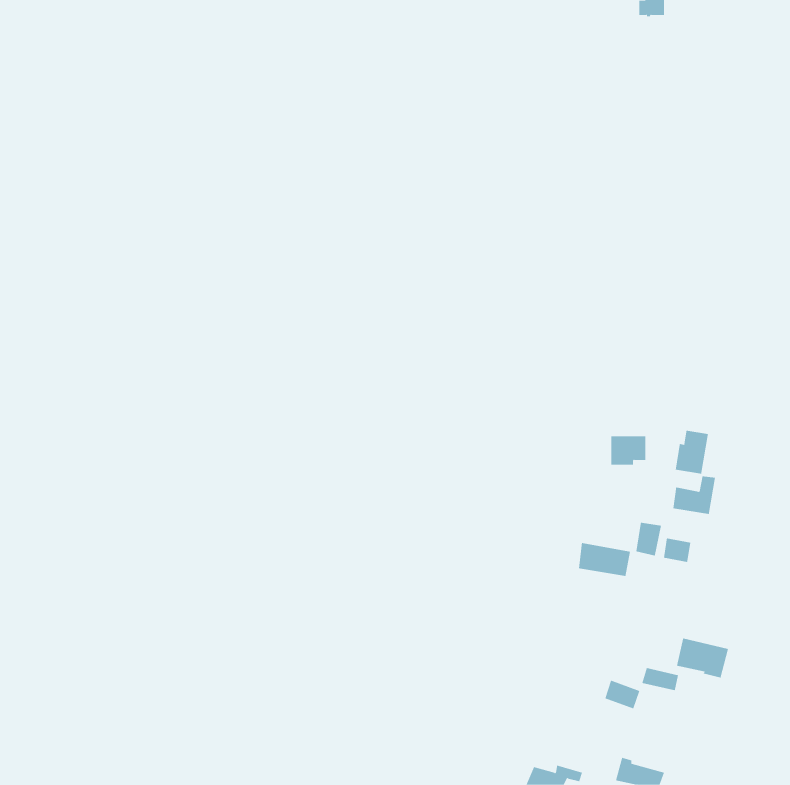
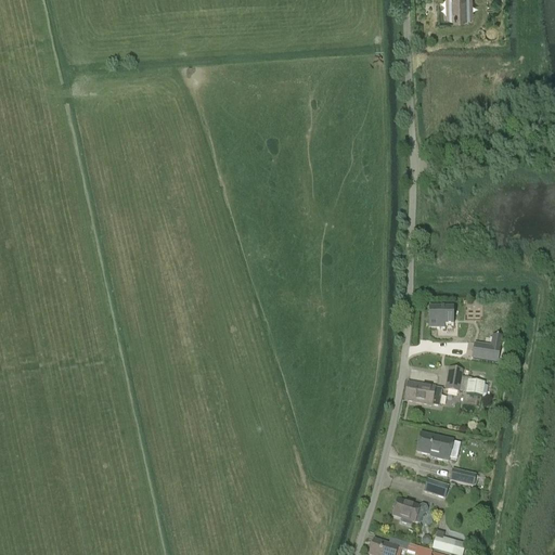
building: [675,430,709,475] -> none
building: [676,638,729,678] -> [416,431,453,460]
building: none -> [392,498,428,524]

